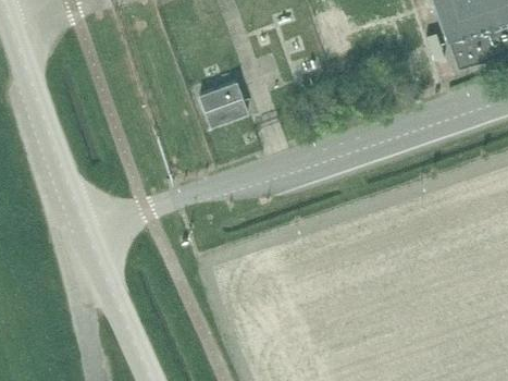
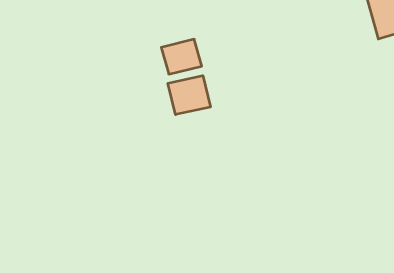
building: none -> [168,76,210,115]

